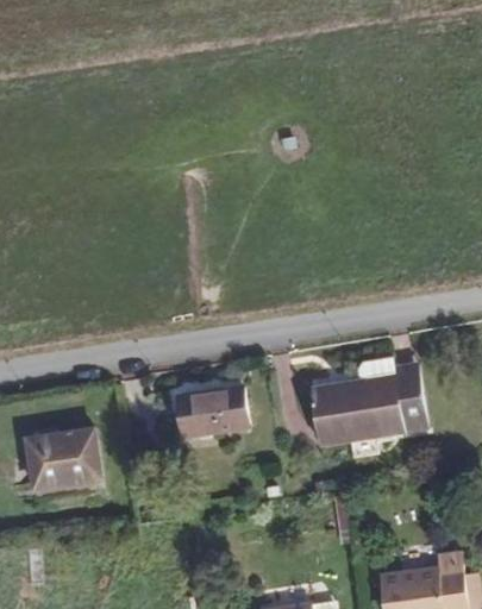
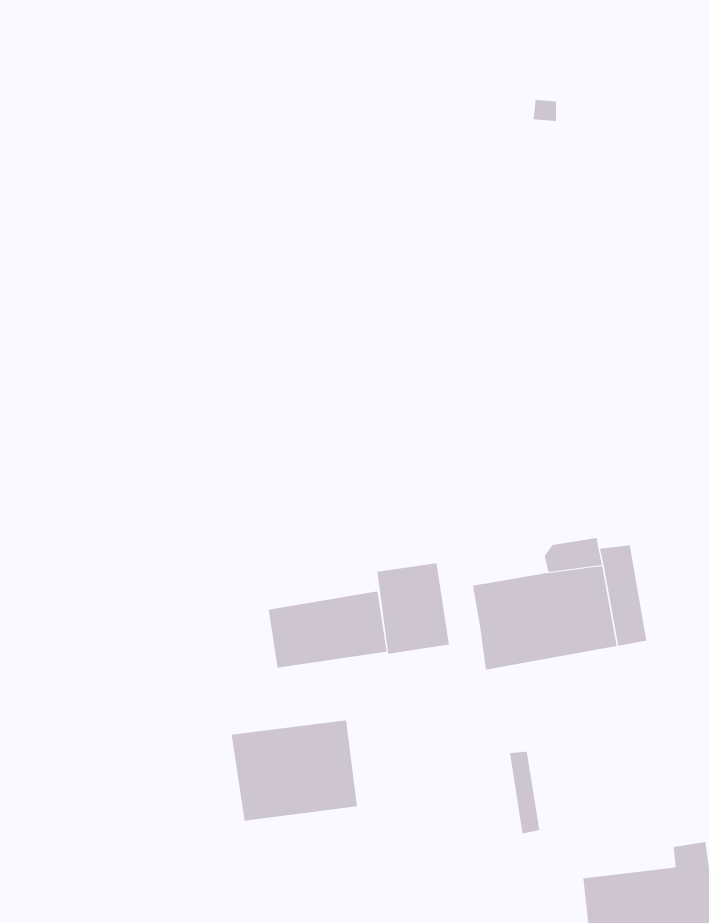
building: none -> [377,562,450,655]
building: [21,429,104,495] -> [231,720,358,821]

